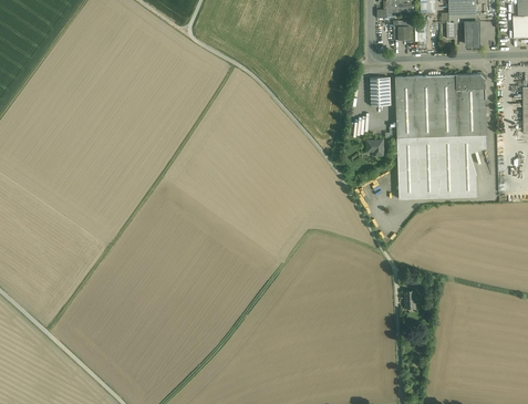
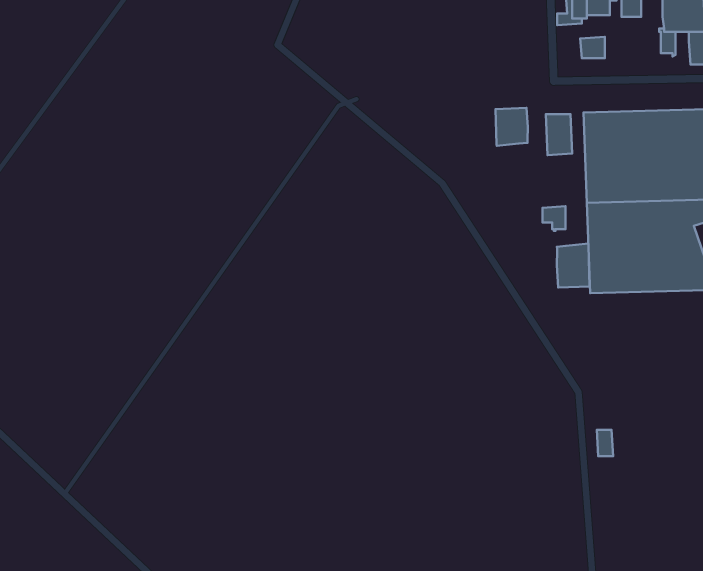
building: none -> [495,108,528,146]
building: none -> [557,244,590,288]

